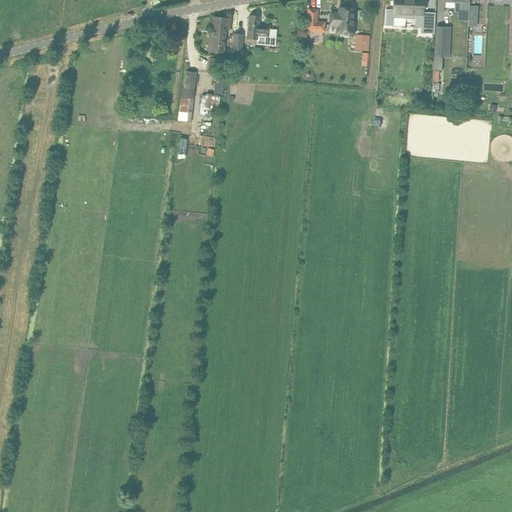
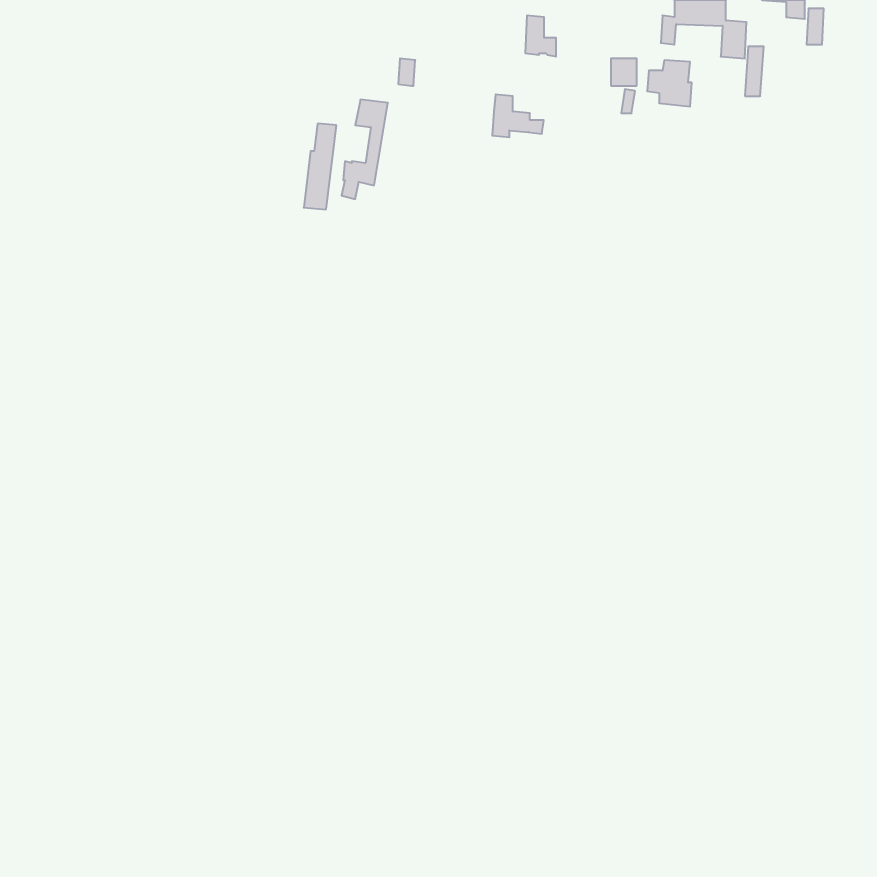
building: [329,7,355,34] -> [647,60,692,107]
building: [247,15,277,40] -> [492,94,544,137]
building: [208,17,231,50] -> none

